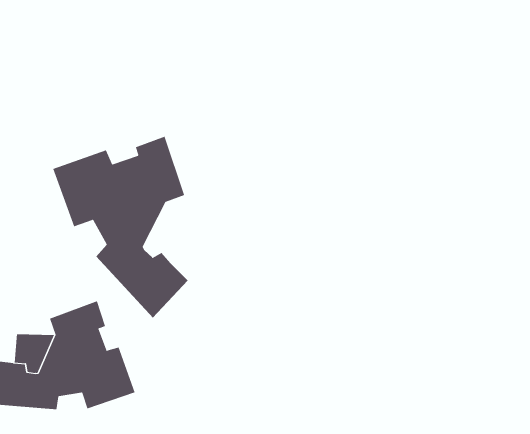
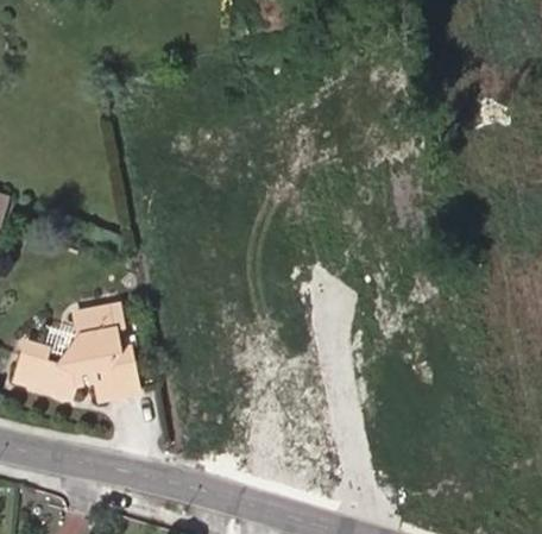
building: [53,136,188,319] -> none

